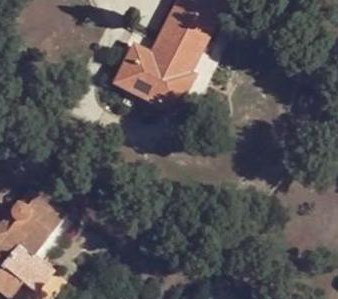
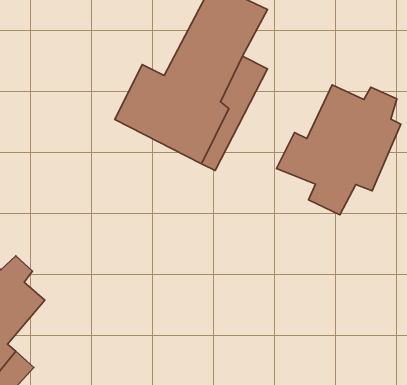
building: none -> [276,85,401,215]

